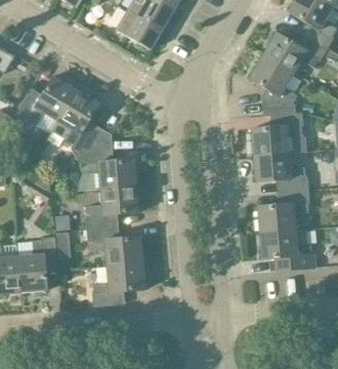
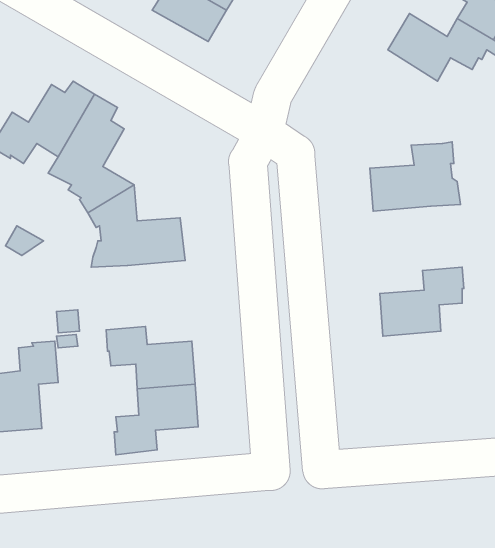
building: [249,54,298,115] -> none
building: [253,152,308,192] -> none
building: [85,186,138,229] -> none
building: [259,229,315,271] -> none

